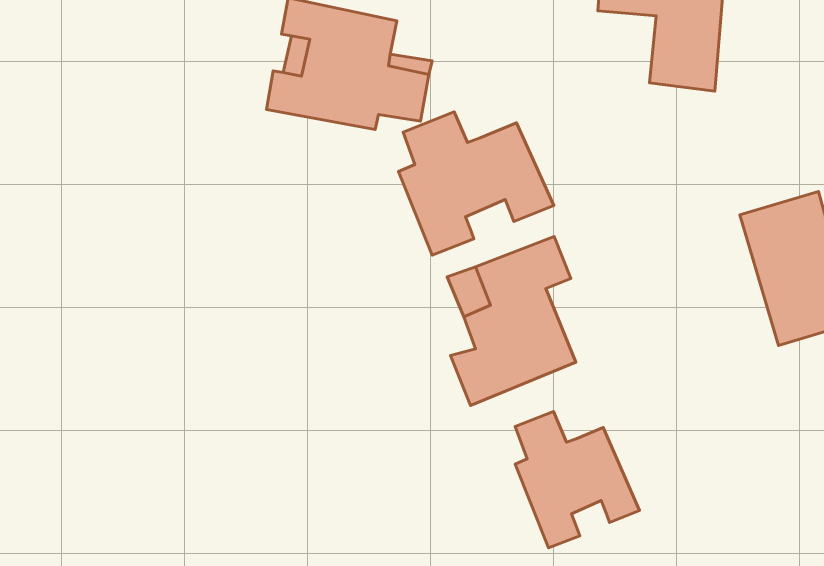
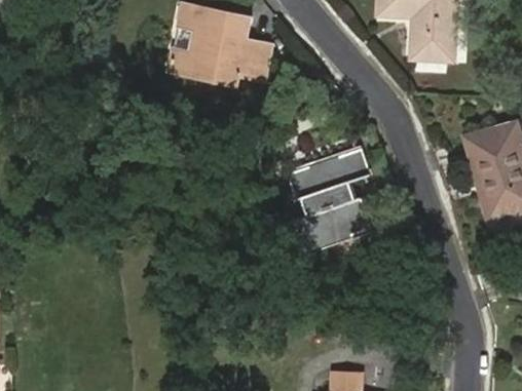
building: [399,112,554,255] -> none
building: [515,411,640,548] -> none

